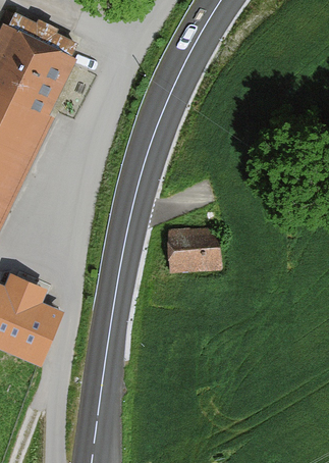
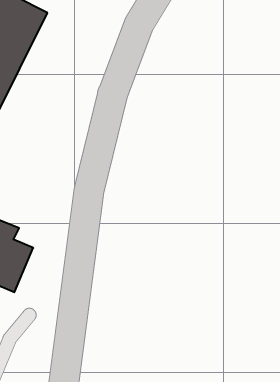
building: [172,235,224,279] -> none

